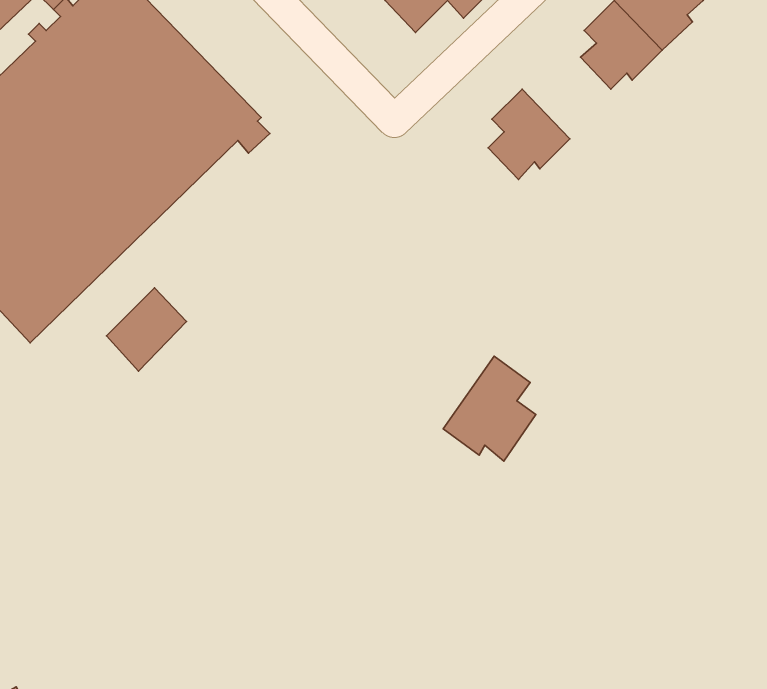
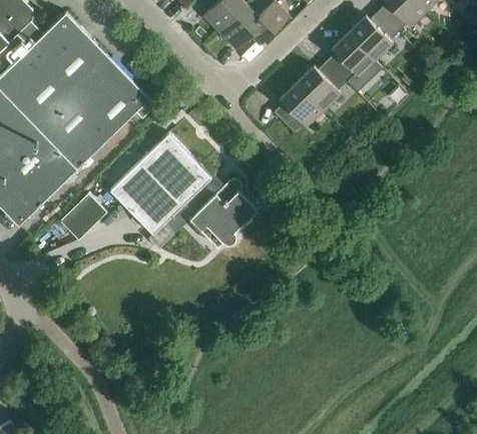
building: none -> [296,64,346,110]
building: none -> [109,133,256,244]
building: [443,356,536,461] -> none

